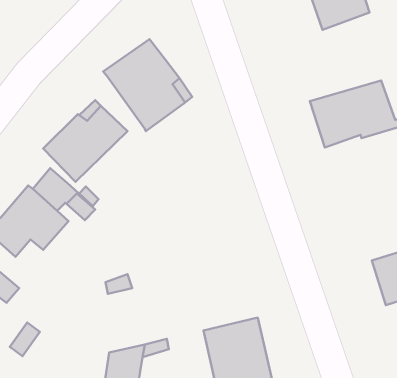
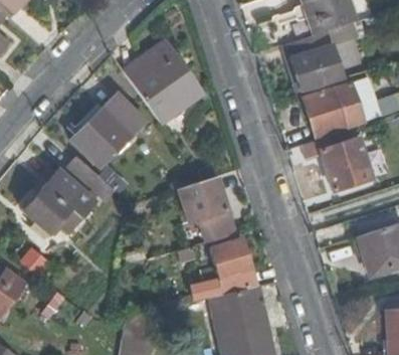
building: none -> [286,30,344,93]
building: none -> [303,130,370,190]
building: none -> [179,176,236,243]
building: none -> [195,239,257,301]

